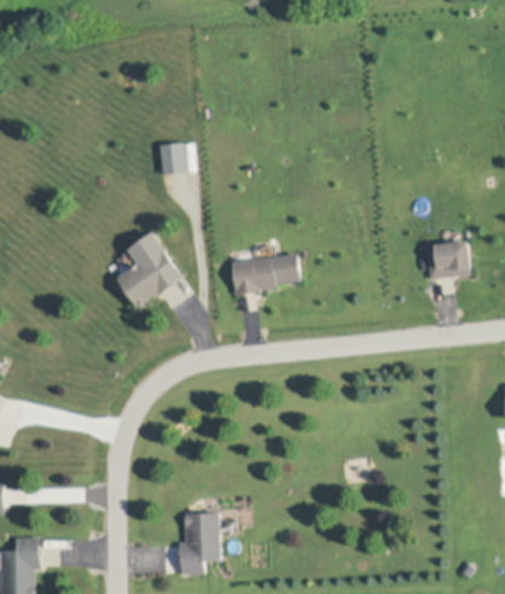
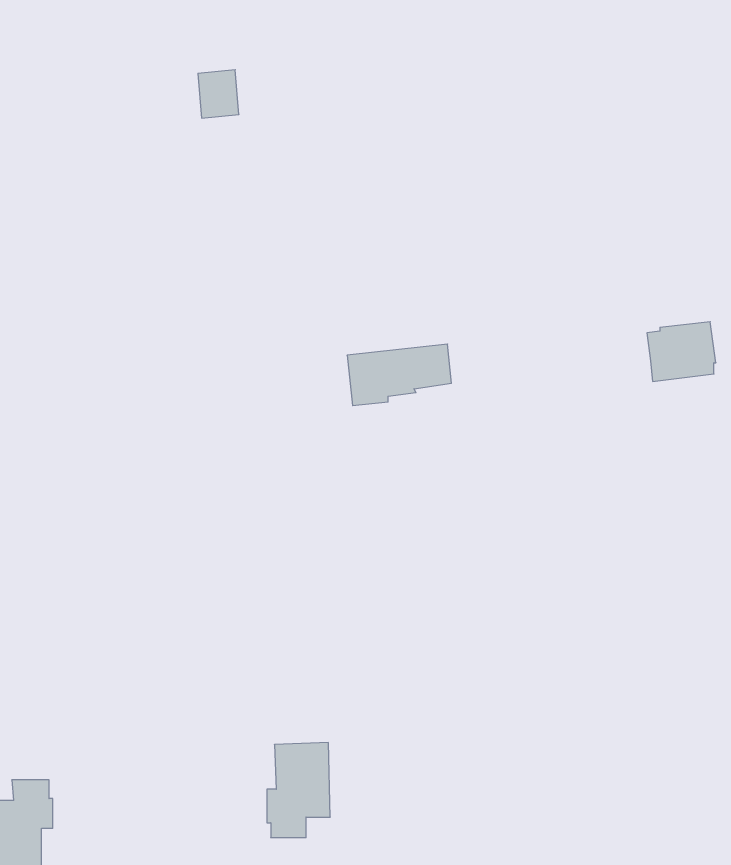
building: [158,142,185,174] -> [198,70,239,118]
building: [115,232,181,307] -> none

